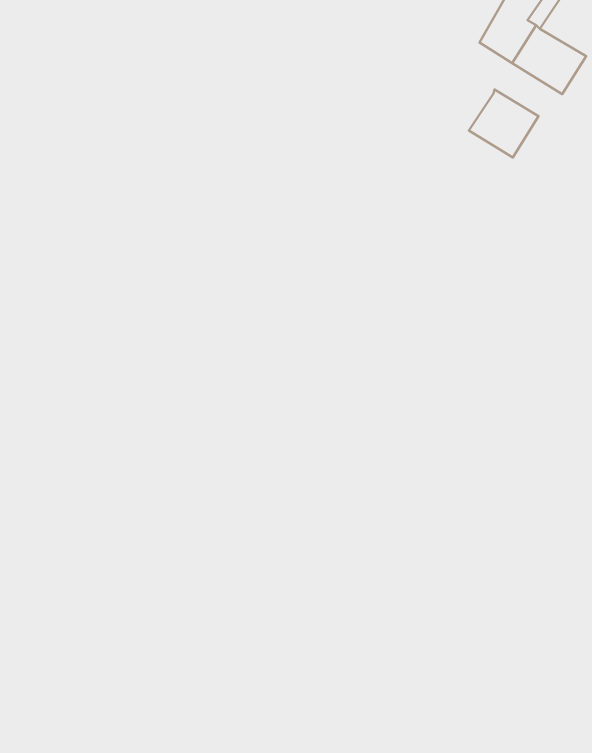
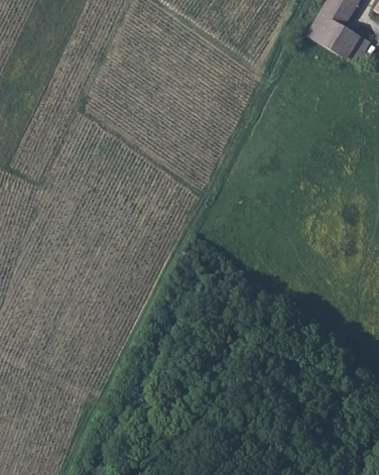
building: [469,89,538,157] -> none

